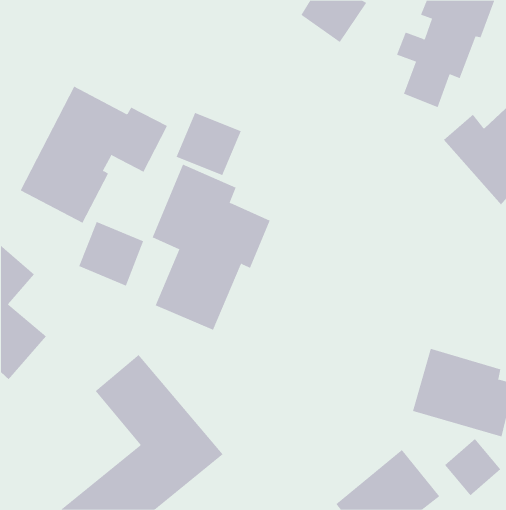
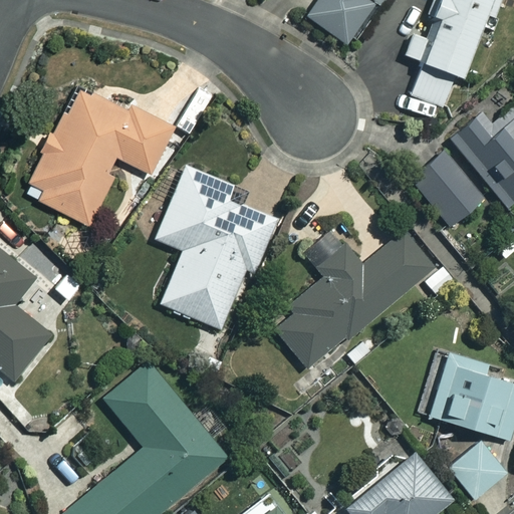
building: [176,112,241,176] -> none
building: none -> [410,147,485,224]
building: [78,221,144,286] -> none
building: none -> [273,231,437,367]

